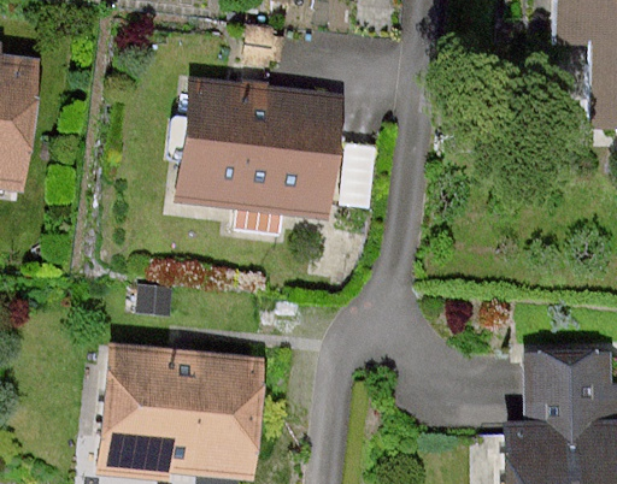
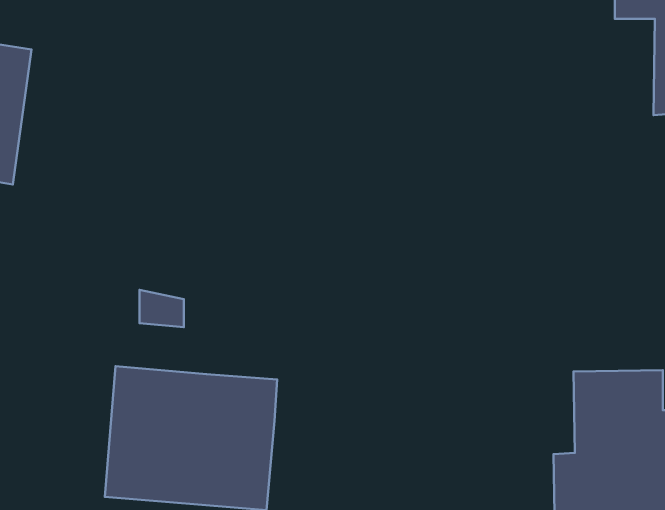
building: [188,83,336,208] -> none

